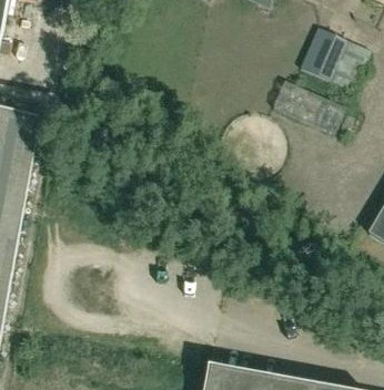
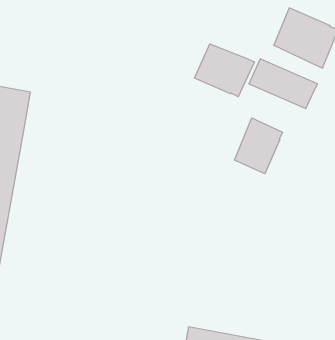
building: none -> [194,44,255,97]
building: none -> [235,118,282,174]

